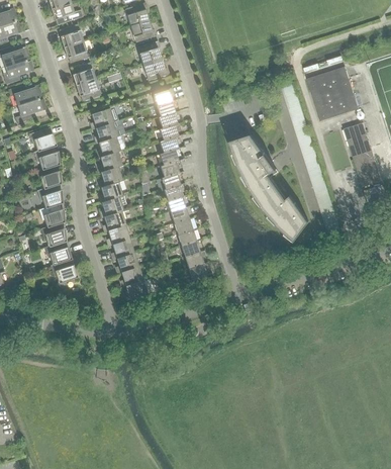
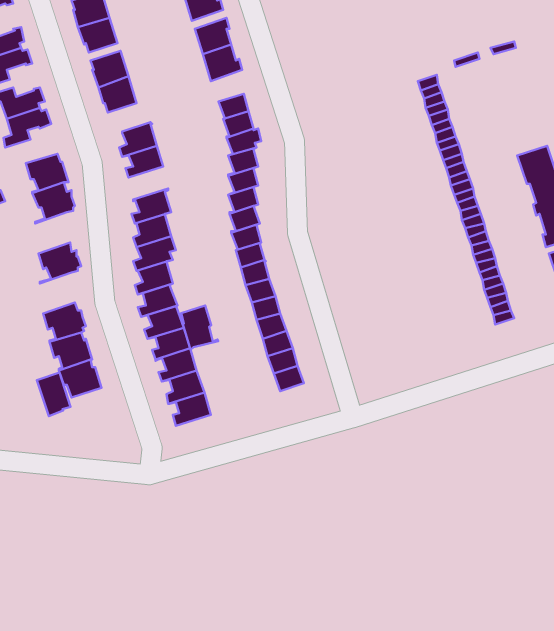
building: [307,67,360,121] -> none
building: [229,133,308,241] -> none
building: [95,134,125,157] -> none
building: [35,165,63,191] -> none
building: [38,203,66,229] -> none
building: none -> [181,306,218,350]
building: none -> [37,373,71,416]

